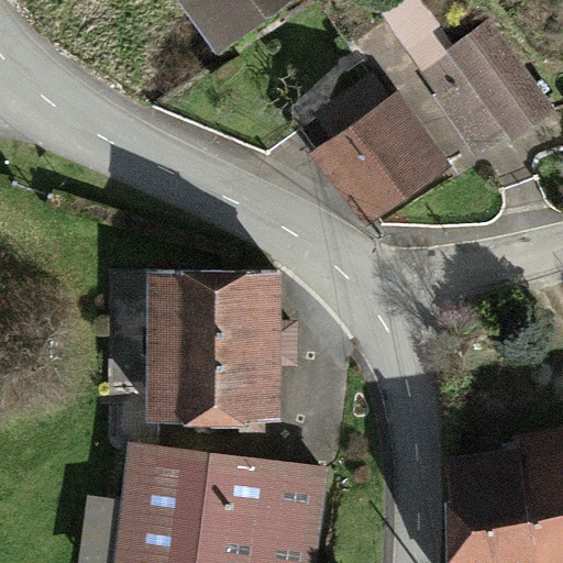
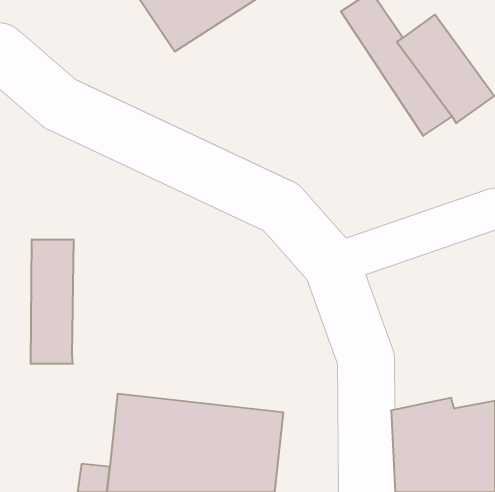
building: [322,66,452,220] -> none
building: none -> [31,239,73,364]
building: [147,285,292,439] -> none

